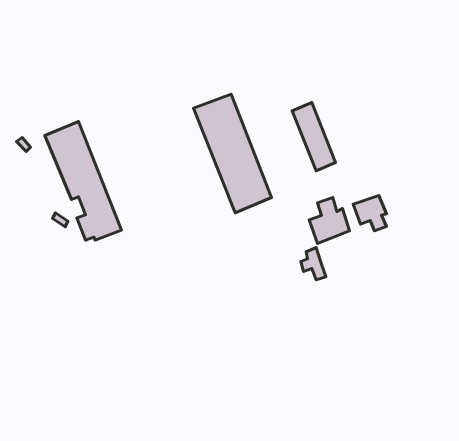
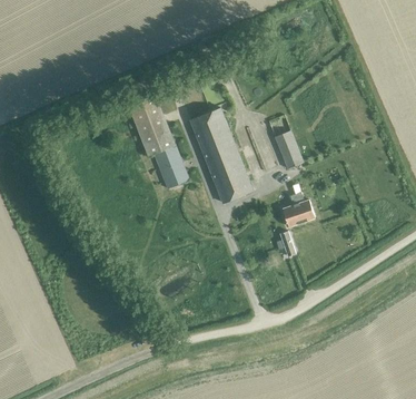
building: [45,121,122,240] -> [127,94,188,188]
building: [353,196,386,231] -> none

